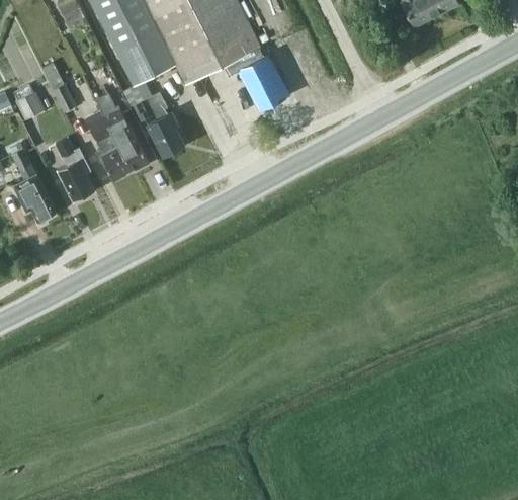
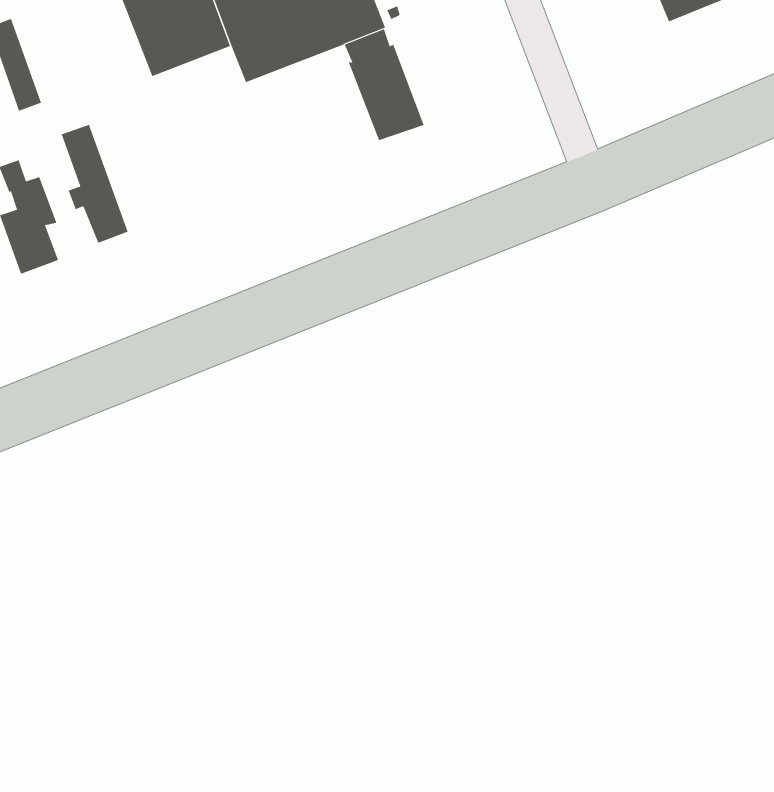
building: [94,91,148,171] -> none
building: [134,92,184,156] -> none

